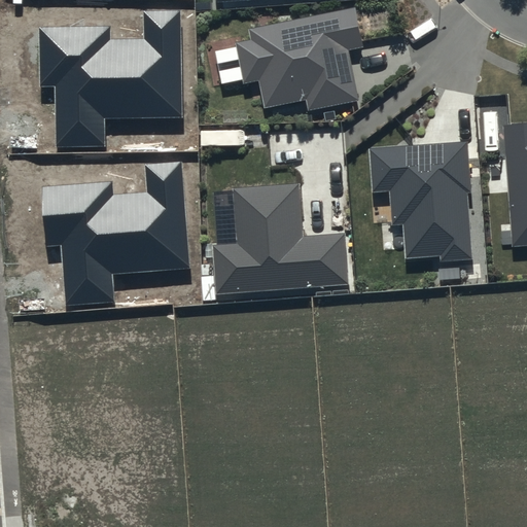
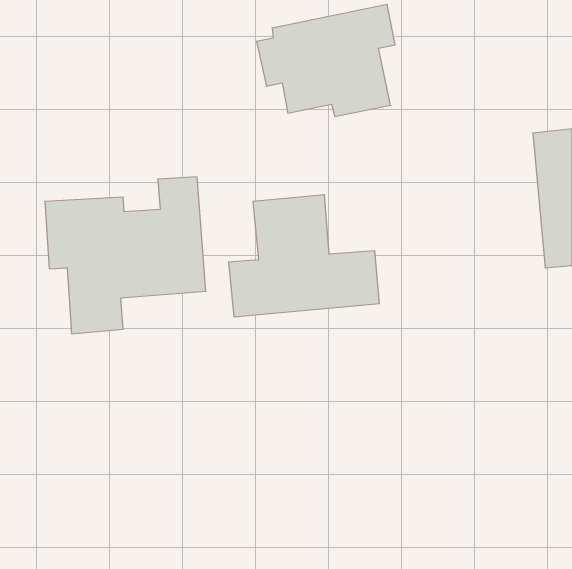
building: [39,13,182,149] -> none
building: [370,141,473,261] -> none

